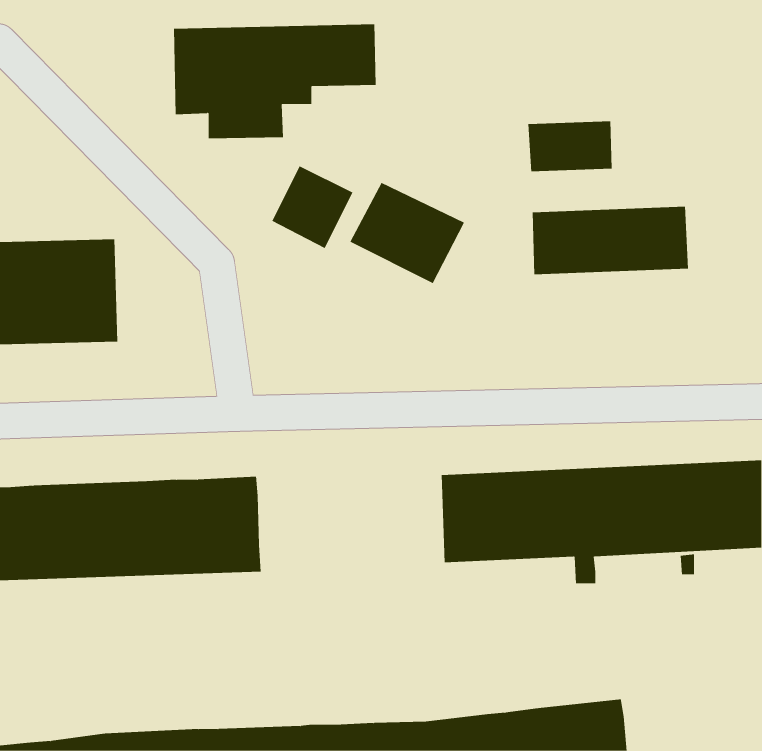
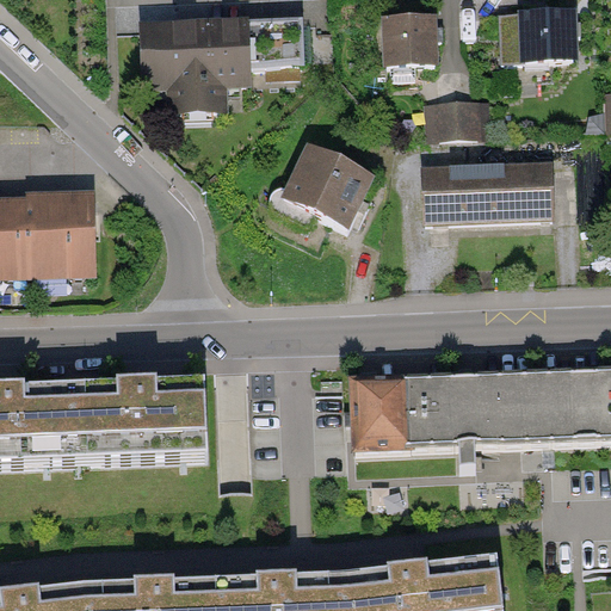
building: none -> [499,8,579,63]
building: none -> [379,13,438,66]
building: [271,166,353,249] -> none

